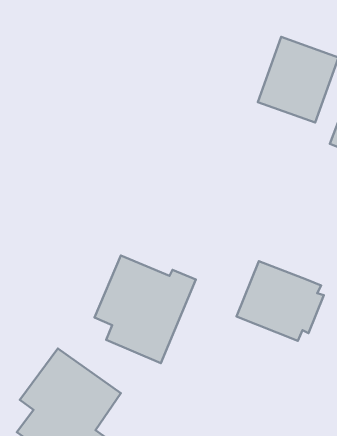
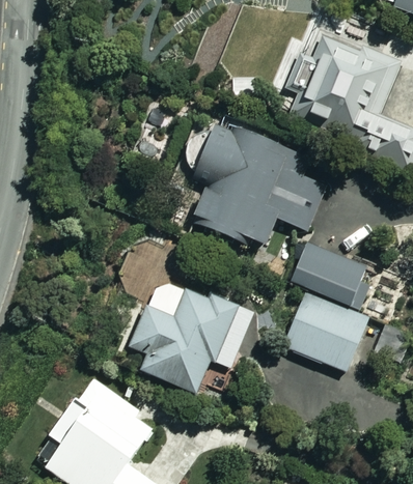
building: none -> [195,113,333,250]
building: none -> [290,240,369,305]

